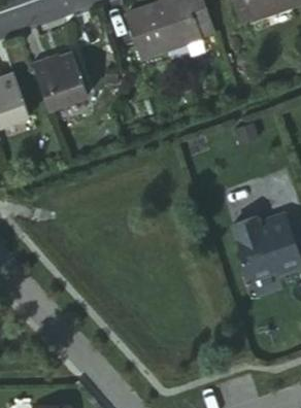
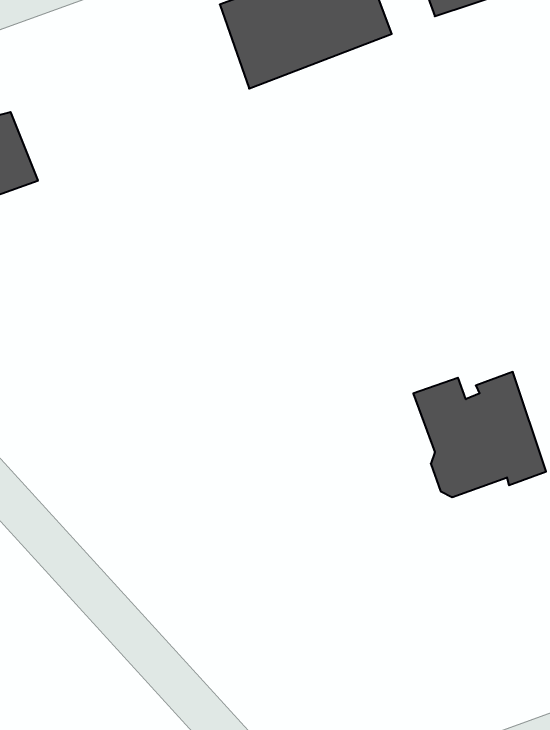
building: [32,48,88,101] -> none

